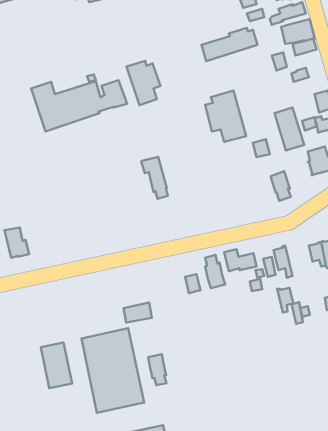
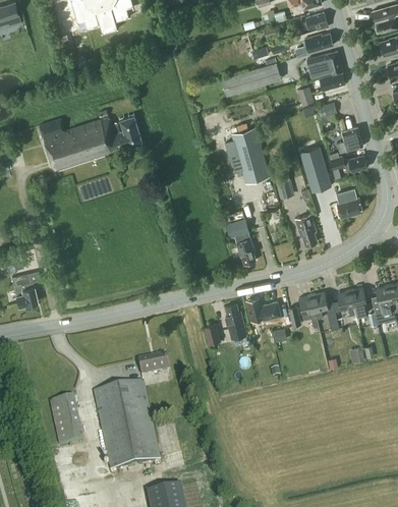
building: [126,61,160,105] -> none
building: [141,157,168,199] -> [226,219,254,264]
building: [277,288,303,324] -> [310,292,338,331]
building: [148,354,166,385] -> none

